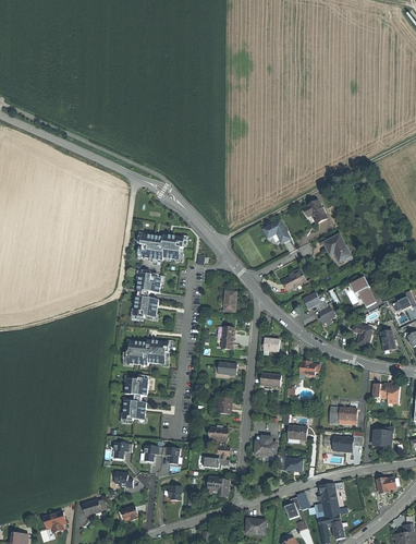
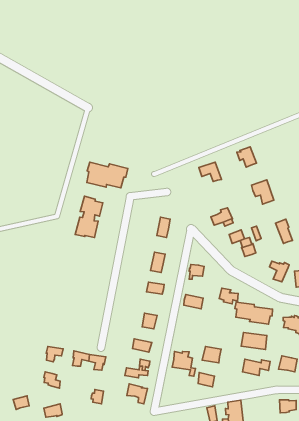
building: [125,340,169,365] -> none
building: none -> [235,302,273,324]
building: [122,378,147,421] -> none

